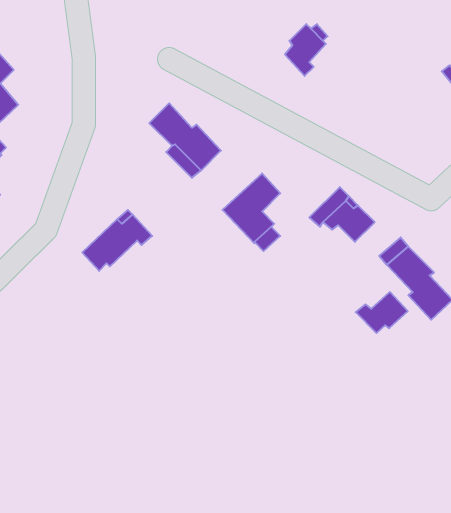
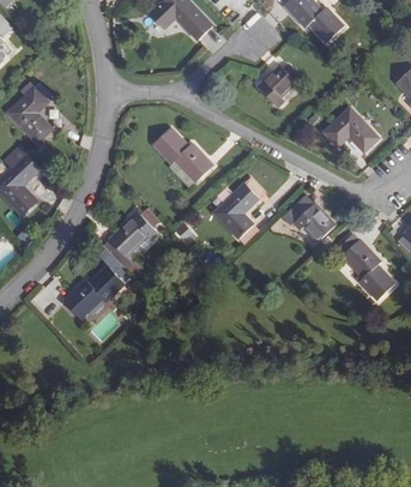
building: none -> [324,107,380,152]
building: none -> [66,263,128,318]
building: [356,292,408,333] -> none

